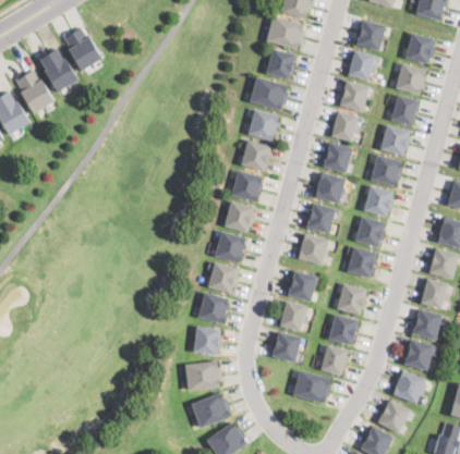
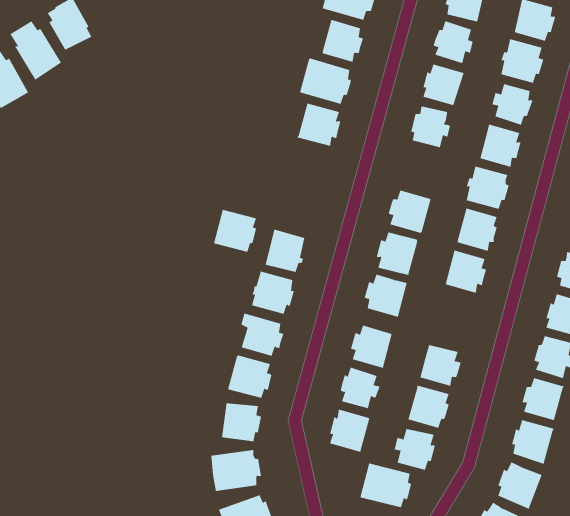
building: [241,139,271,171] -> none
building: [323,142,352,172] -> none
building: [231,170,263,201] -> [213,209,257,253]
building: [342,245,378,278] -> none

